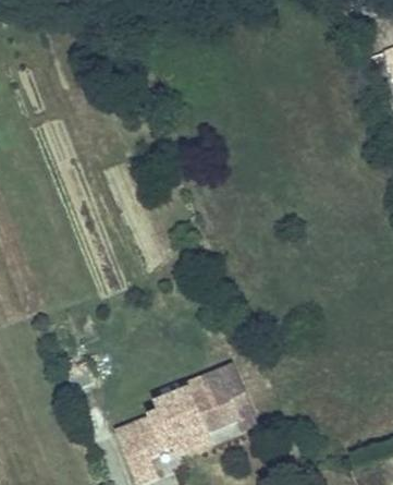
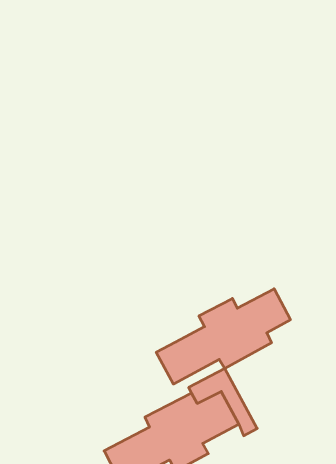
building: none -> [156,289,290,384]

